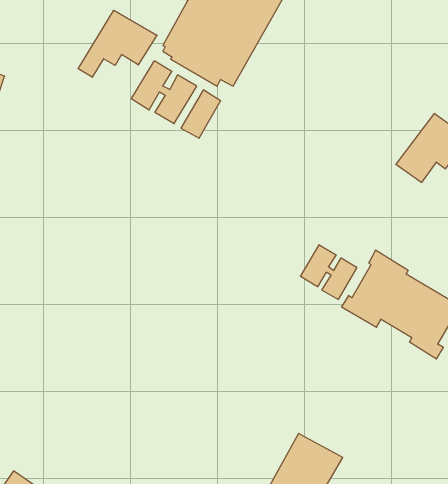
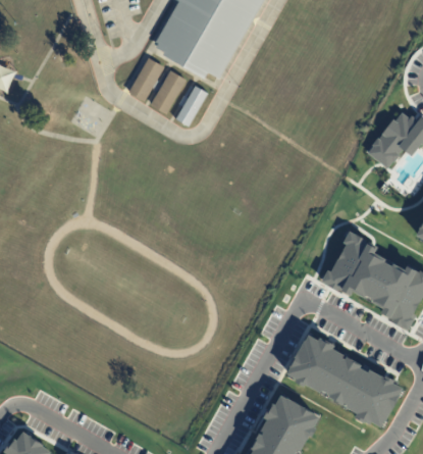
building: [78,10,157,77] -> none
building: [301,245,357,299] -> none
building: none -> [285,335,404,427]

